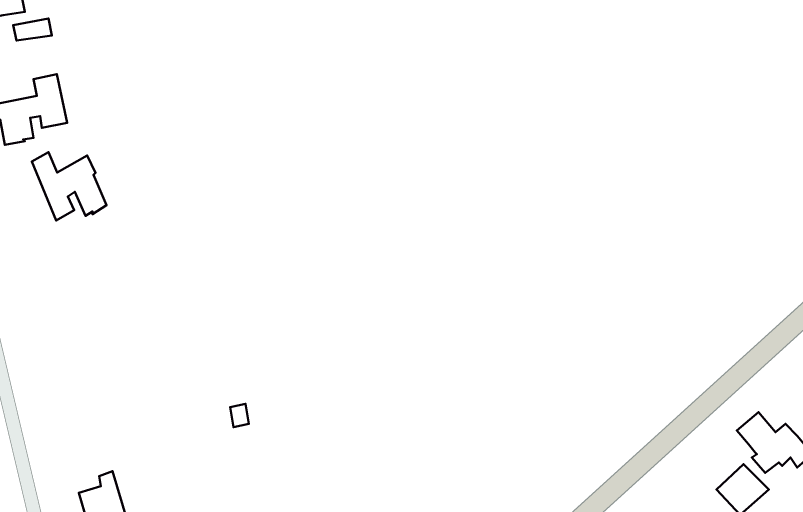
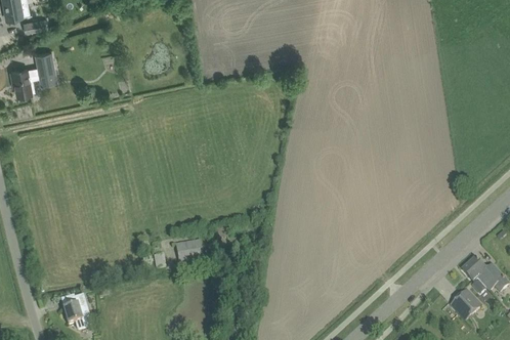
building: [32,152,106,220] -> none
building: none -> [175,239,202,260]

